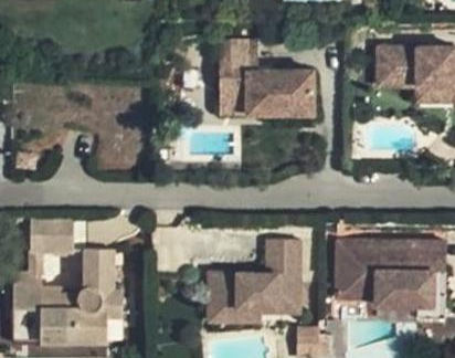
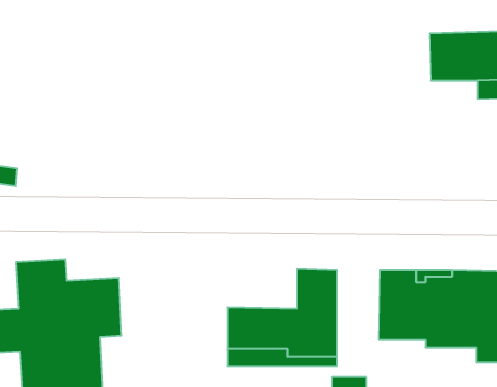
building: [219,44,315,116] -> none

